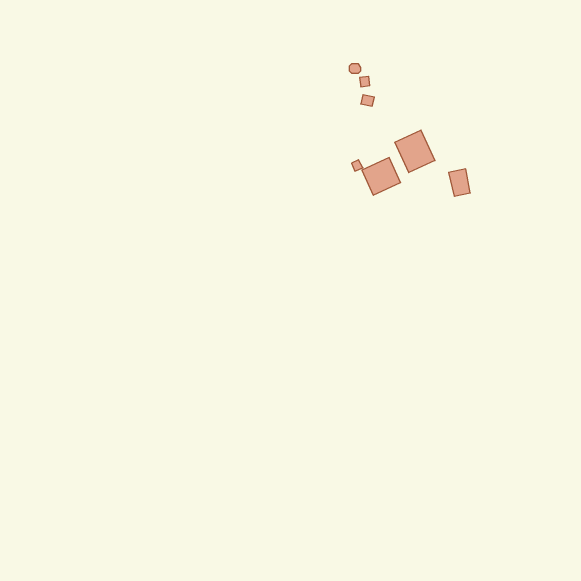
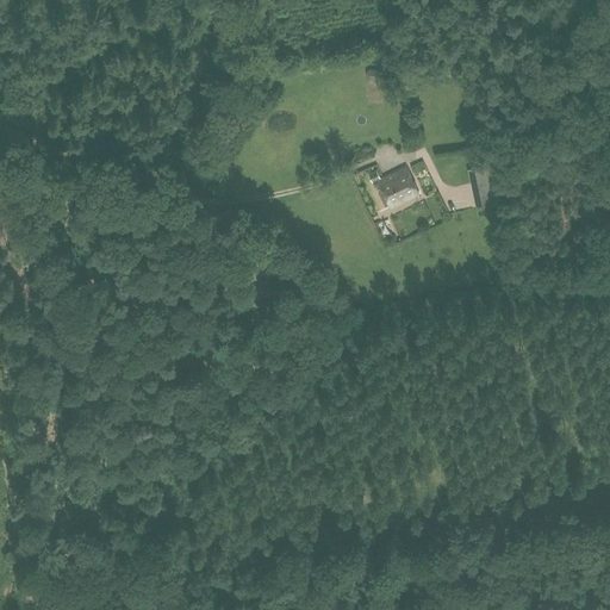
building: [395,130,435,173] -> none

